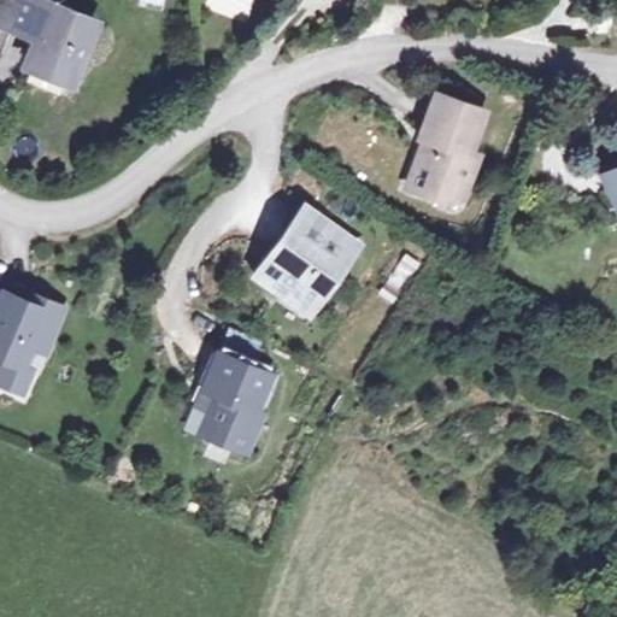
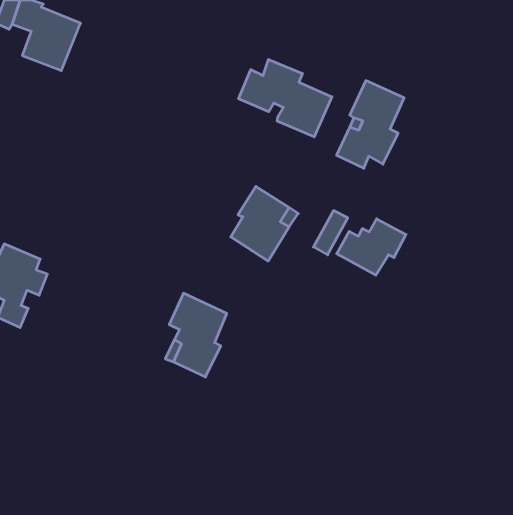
building: none -> [239,59,332,137]
building: none -> [337,219,406,275]

